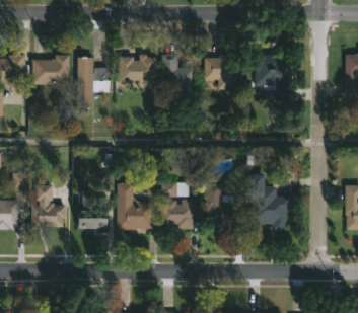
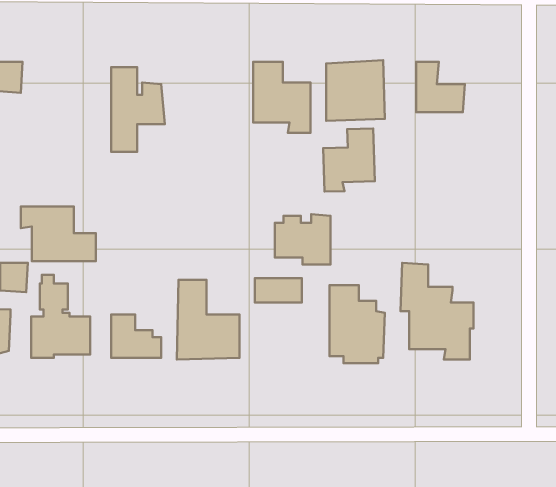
building: [118,51,155,82] -> none
building: [31,55,69,84] -> none
building: none -> [323,129,375,192]
building: none -> [21,207,96,261]
building: [160,198,193,227] -> [275,214,330,264]

